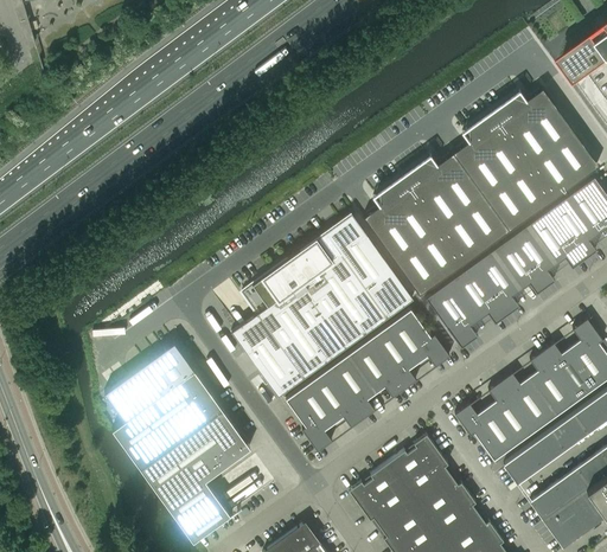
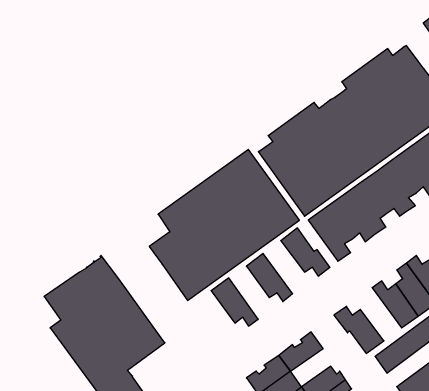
building: [369,325,418,389] -> none
building: [327,355,376,419] -> none
building: [486,381,536,445] -> none
building: [286,385,334,451] -> none
building: [402,455,451,501] -> none

